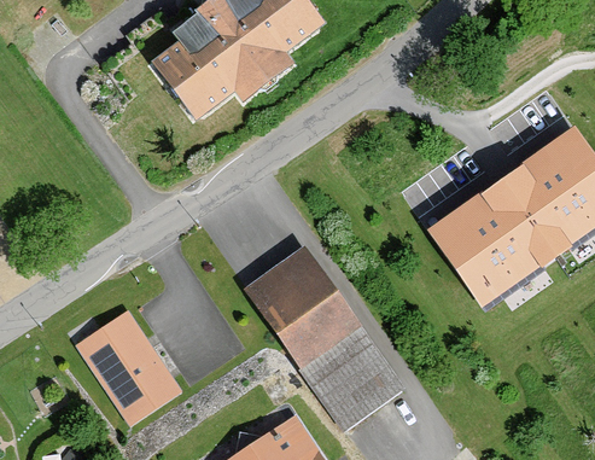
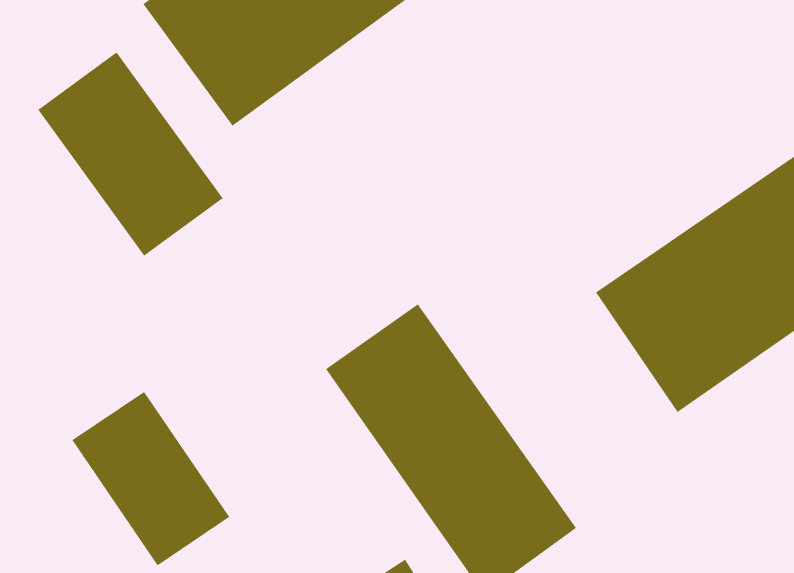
building: none -> [37,51,223,257]

